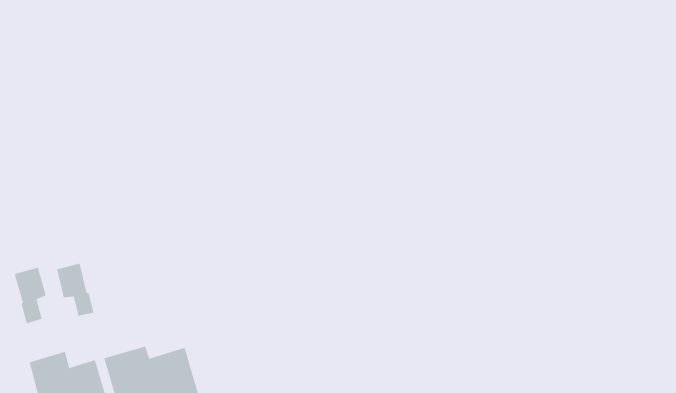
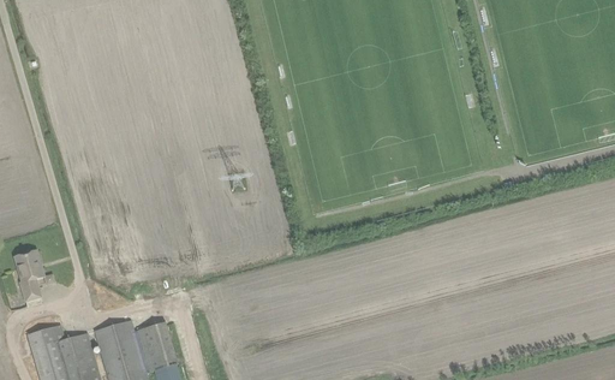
building: [56,263,94,316] -> none

